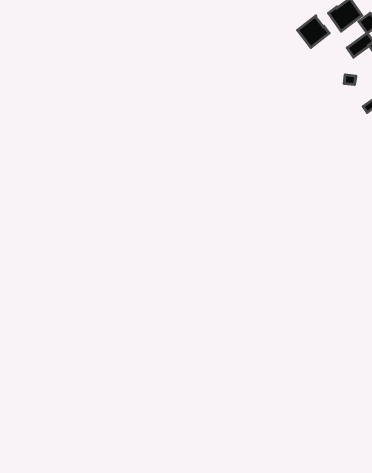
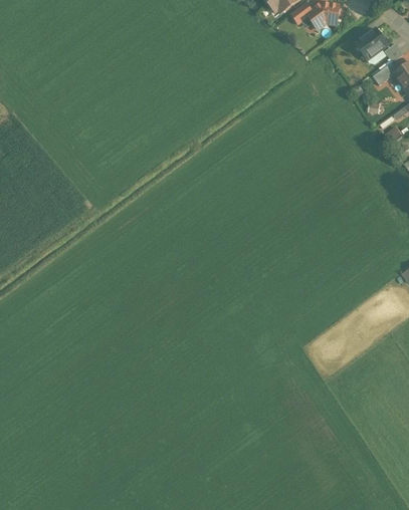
building: [298,16,329,48] -> none

